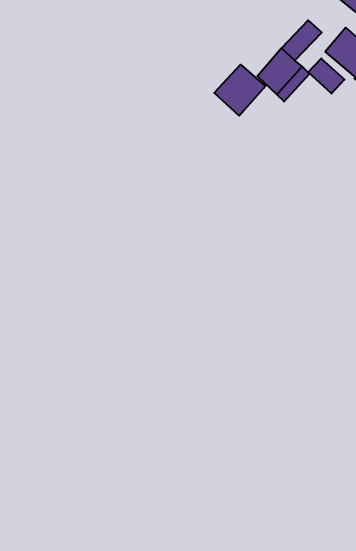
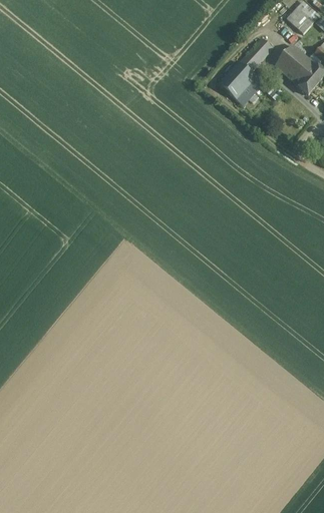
building: [308,58,345,94] -> none
building: [214,65,265,116] -> none

